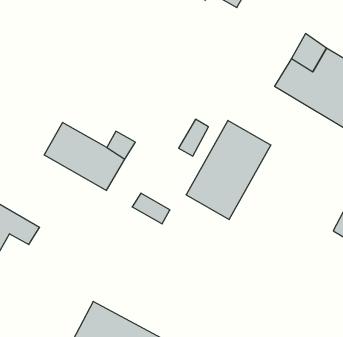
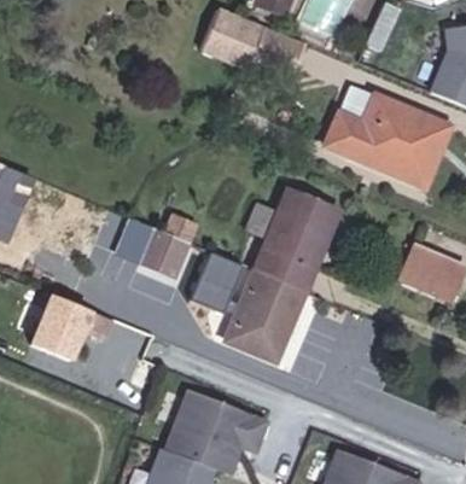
building: none -> [222,267,303,360]

